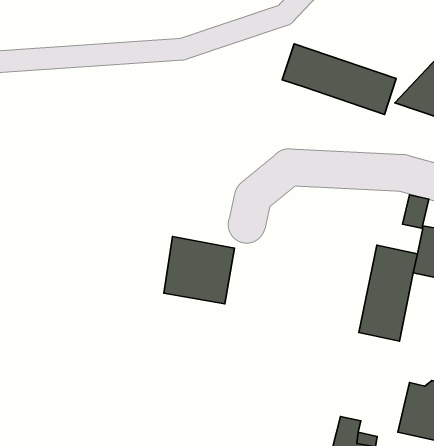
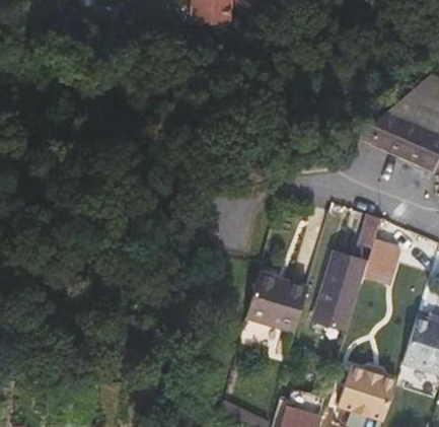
building: [282,44,396,115] -> none
building: [164,237,234,304] -> [245,273,306,332]

